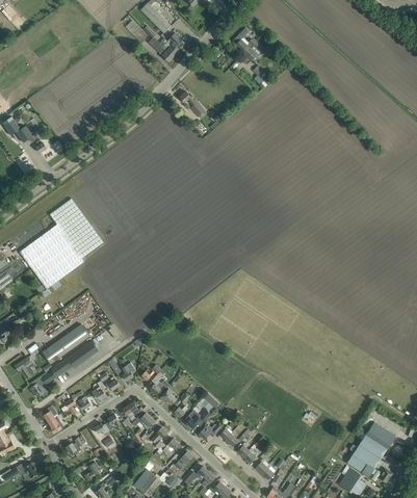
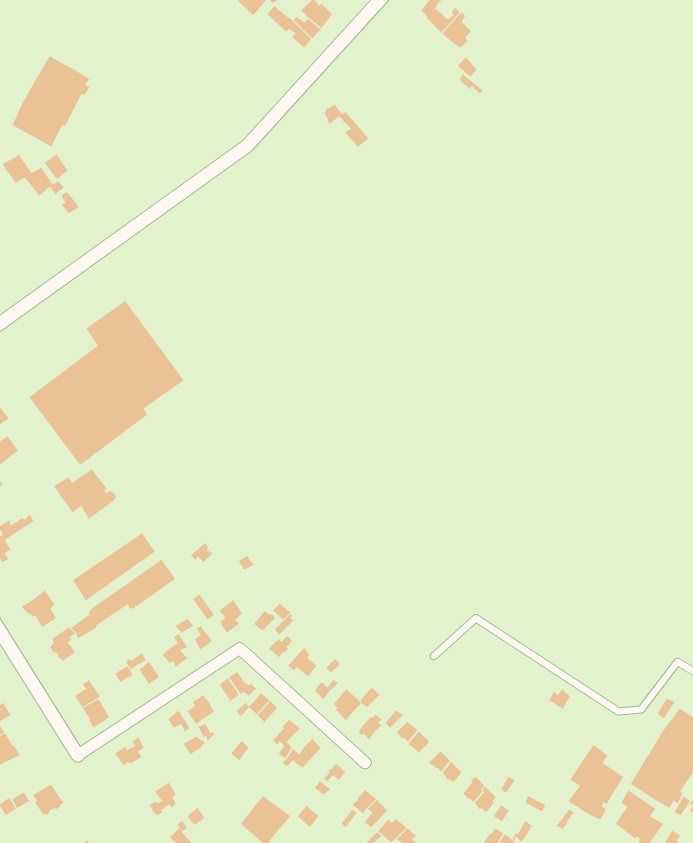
building: none -> [12,55,91,147]
building: none -> [53,468,117,520]
building: none -> [567,744,624,820]

